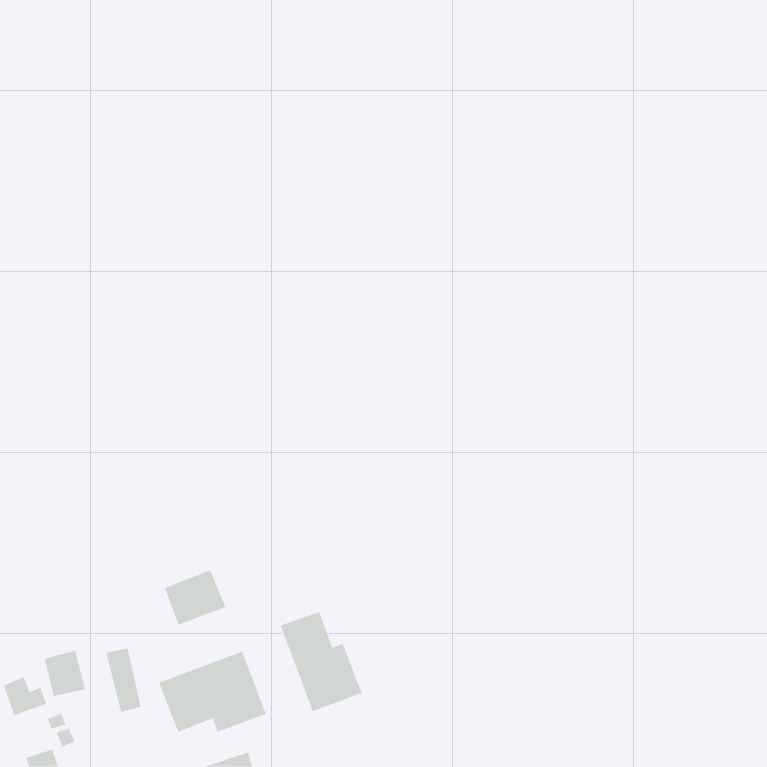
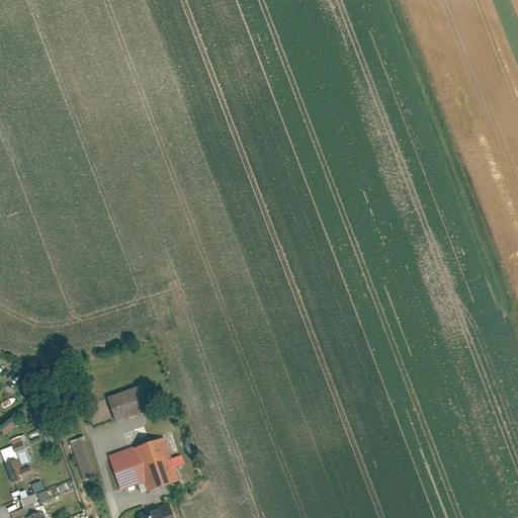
building: [280,611,362,712] -> none
building: [44,650,86,697] -> none

